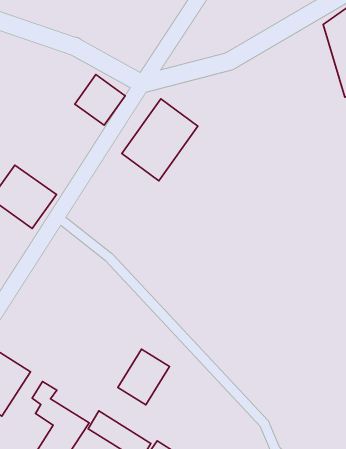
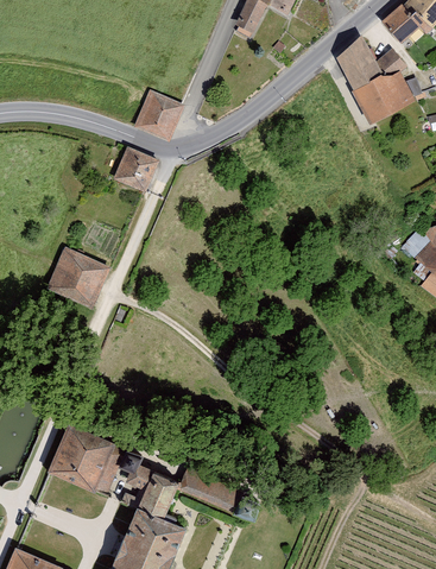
building: none -> [135,94,183,140]
building: [122,99,198,181] -> none
building: [118,349,169,405] -> none

